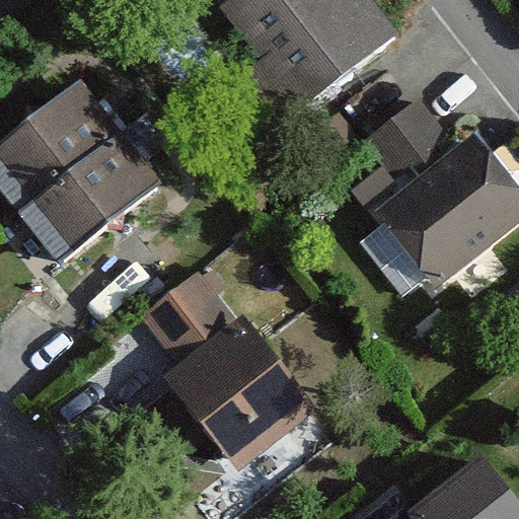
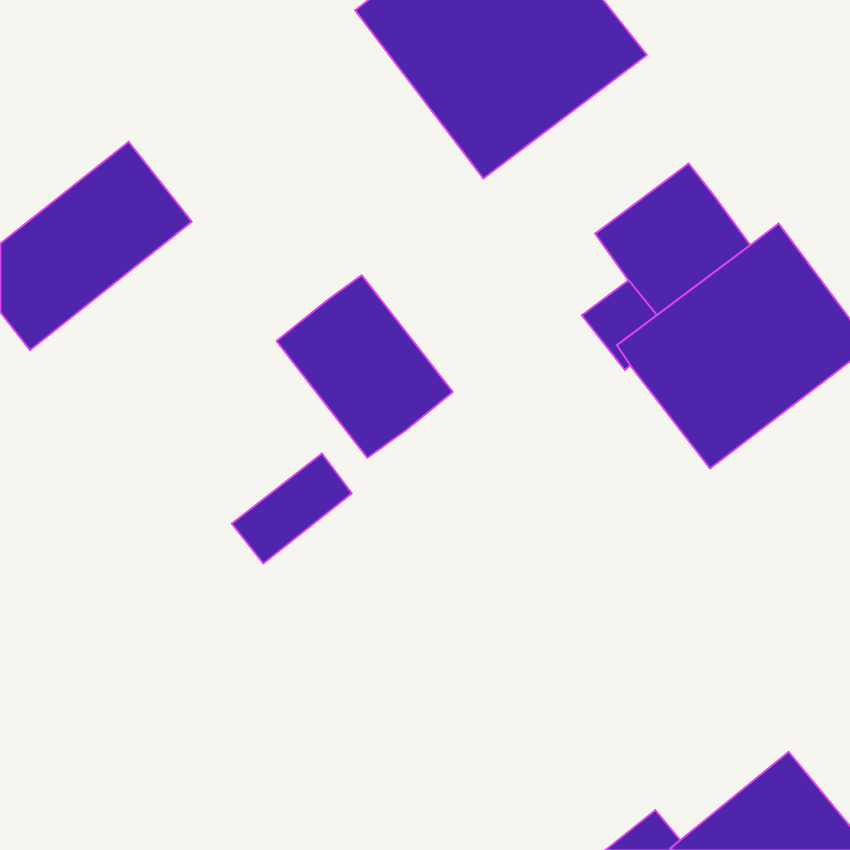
building: [19,135,155,260] -> none
building: none -> [277,275,453,458]
building: [165,317,313,470] -> none

